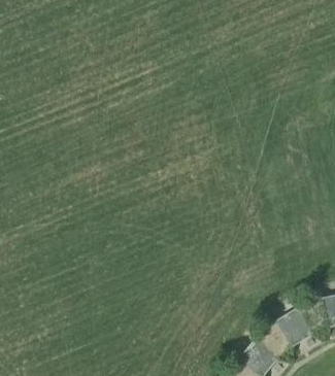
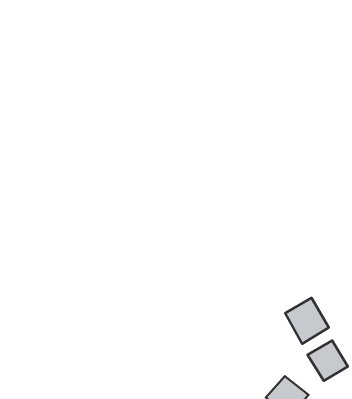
building: none -> [285,298,329,344]

